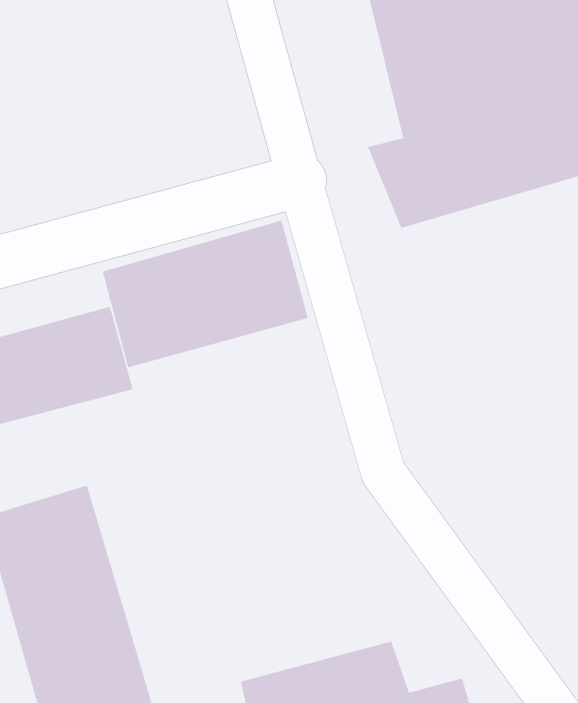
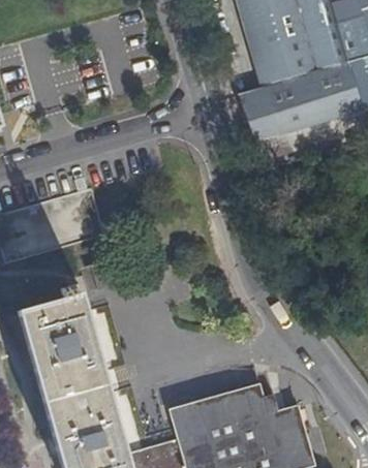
building: [102,220,308,368] -> none

